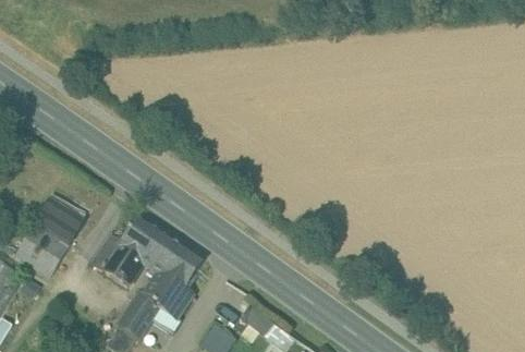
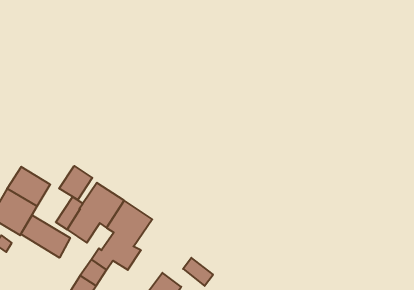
building: none -> [59,166,92,200]
building: none -> [21,215,70,258]

